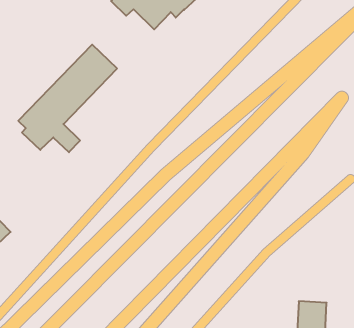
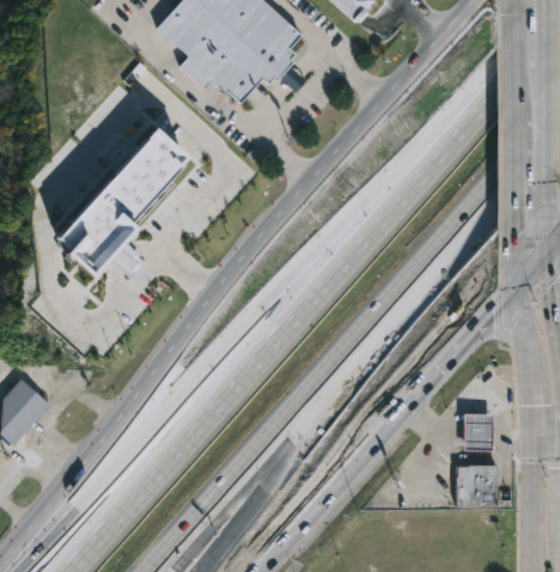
building: none -> [463,414,492,450]

